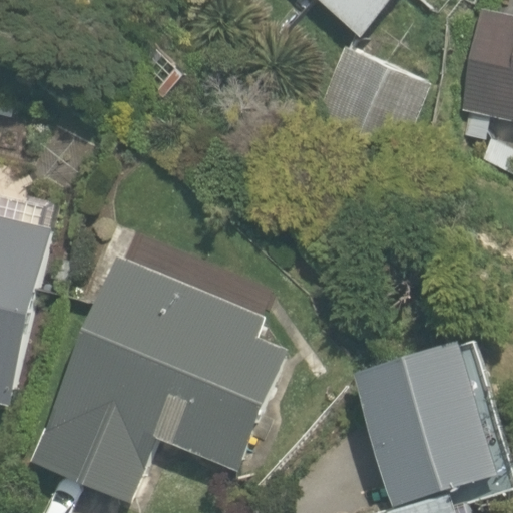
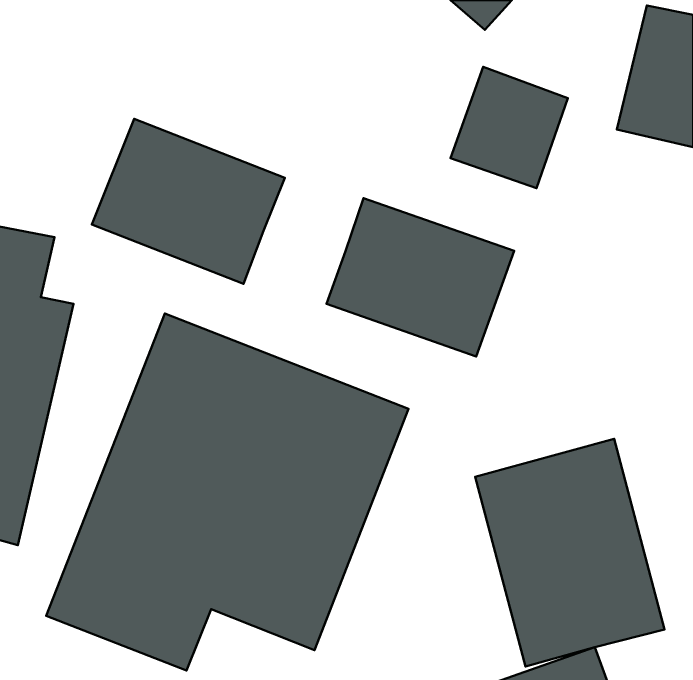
building: none -> [92,119,285,284]
building: none -> [327,198,514,356]

